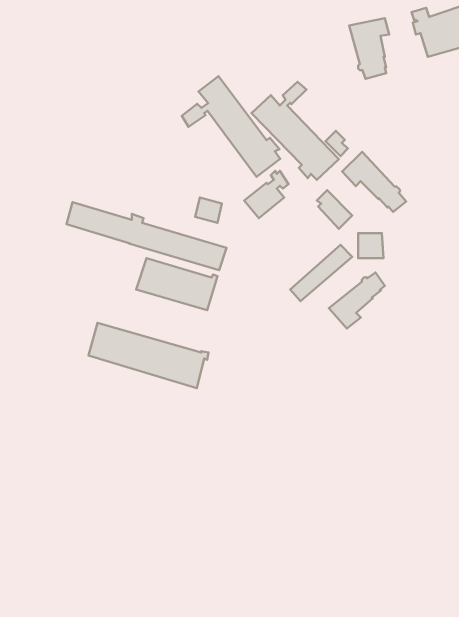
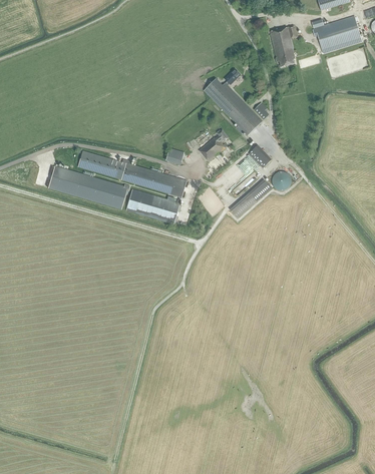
building: [182,76,280,177] -> none
building: [342,152,406,212] -> none
building: [329,272,385,329] -> none
building: [89,323,209,388] -> [47,165,128,209]

